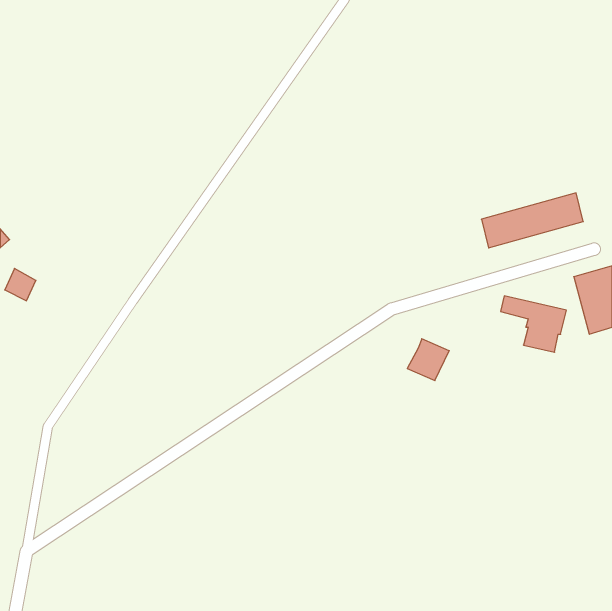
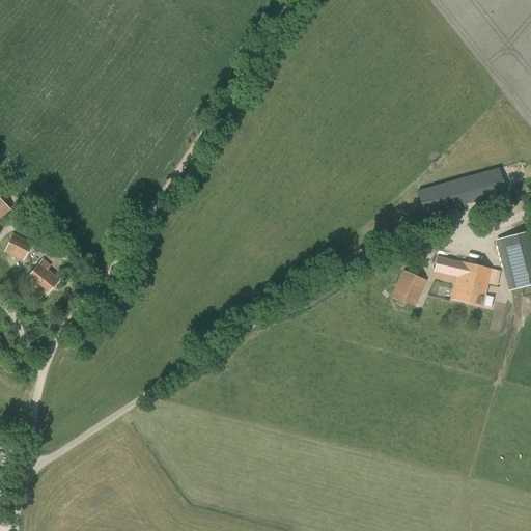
building: none -> [26,259,58,295]
building: [407,339,449,381] -> [390,270,426,306]

